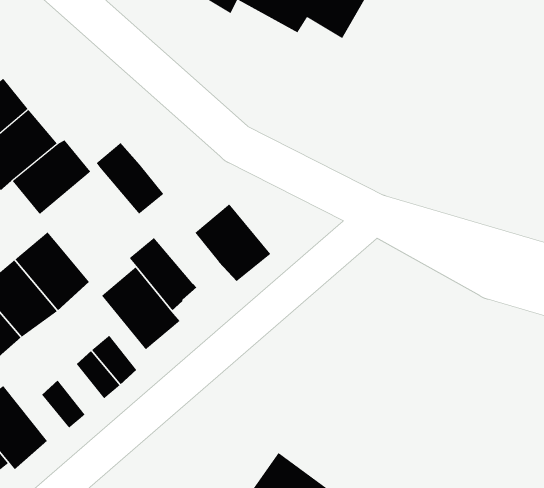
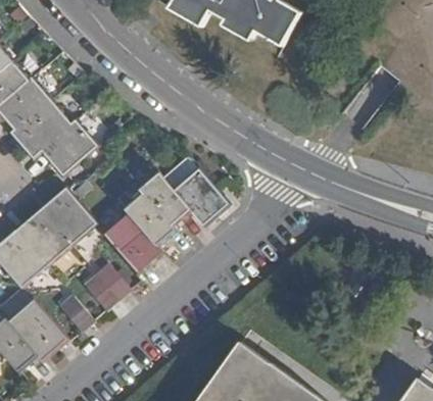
building: [96,142,164,215] -> [141,169,191,222]

